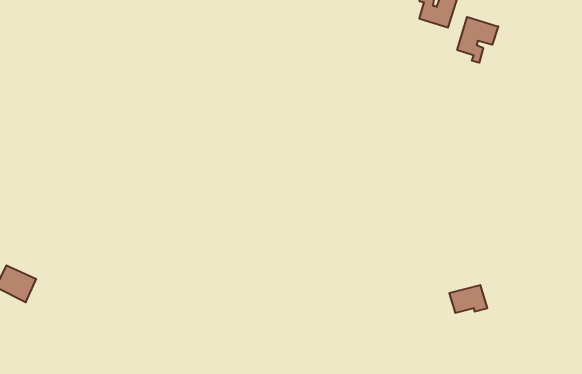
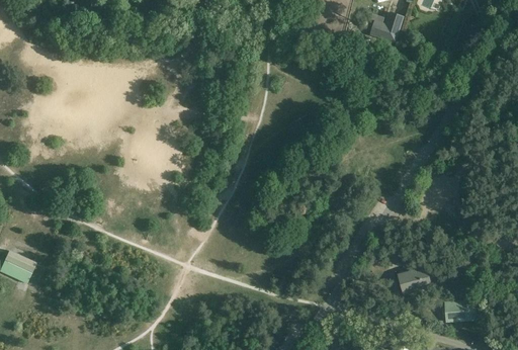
building: [457,17,498,63] -> none
building: none -> [443,300,477,321]

